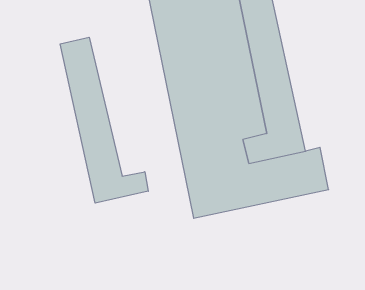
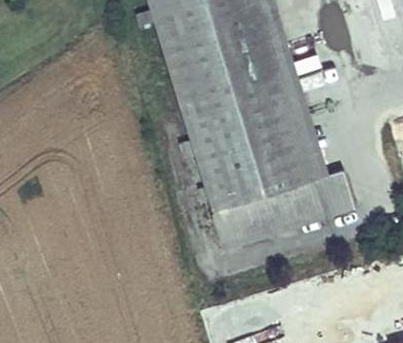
building: [60,37,148,203] -> none

